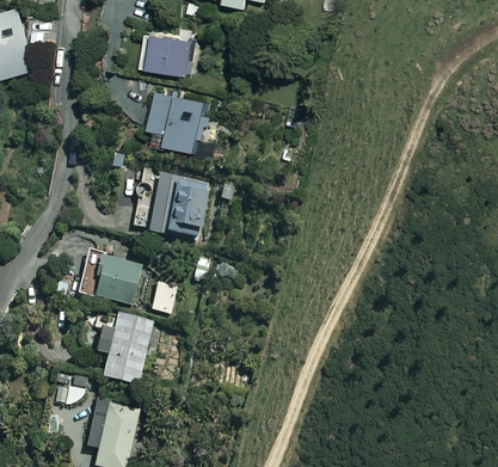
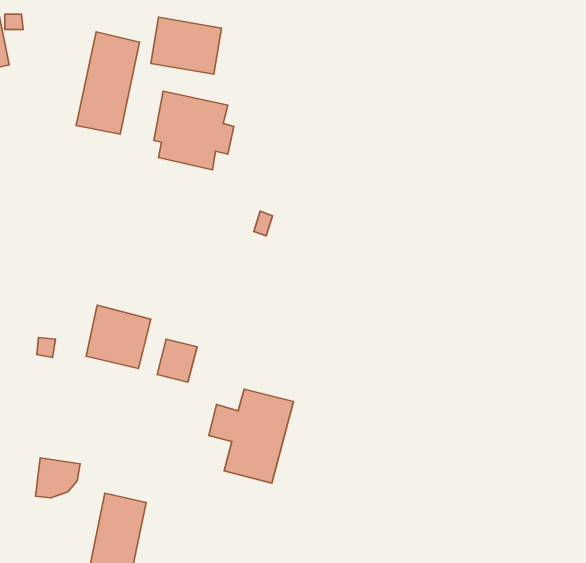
building: none -> [76,32,139,134]
building: [134,174,207,239] -> none
building: [87,312,153,385] -> [209,389,294,483]

